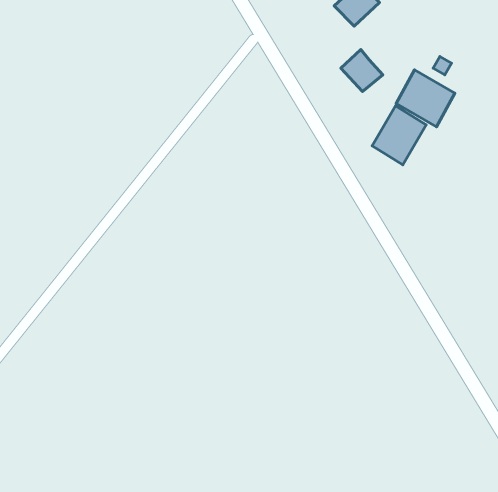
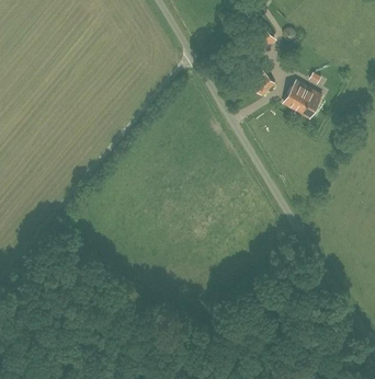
building: [372,106,426,165] -> none

